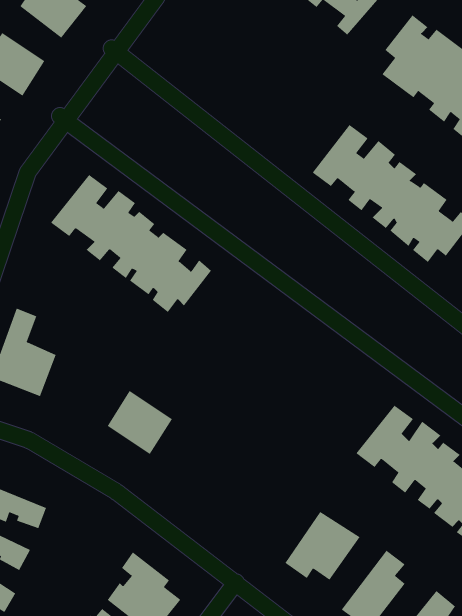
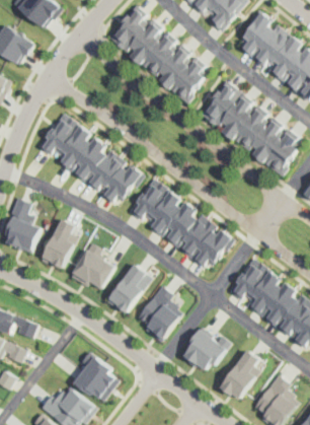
building: none -> [107,10,209,97]
building: none -> [131,180,232,267]
building: none -> [42,220,75,271]
building: none -> [105,264,151,312]
building: none -> [136,285,181,342]

